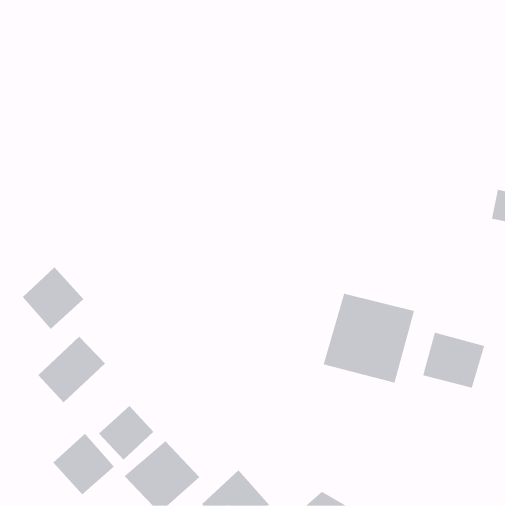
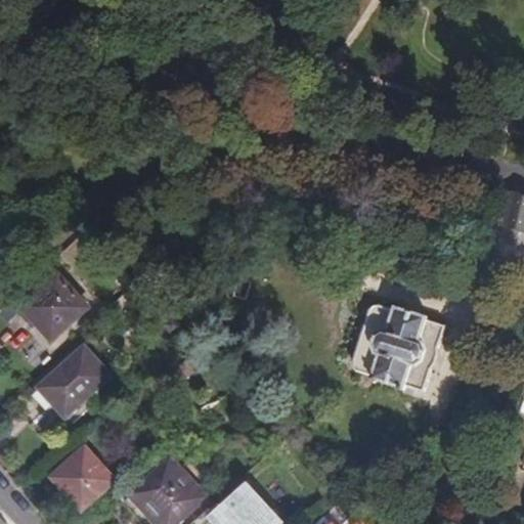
building: [423,332,485,388] -> none
building: [98,405,154,461] -> none

